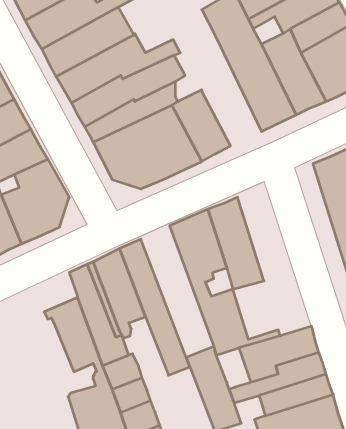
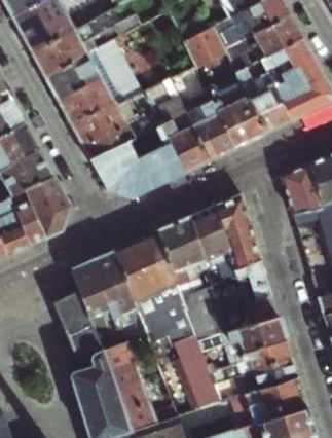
building: none -> [183,65,235,160]
building: none -> [215,193,279,324]
building: none -> [132,229,194,342]

